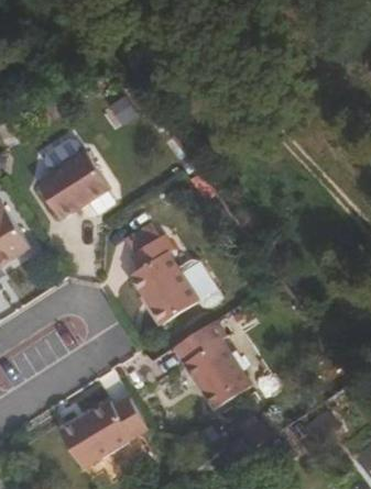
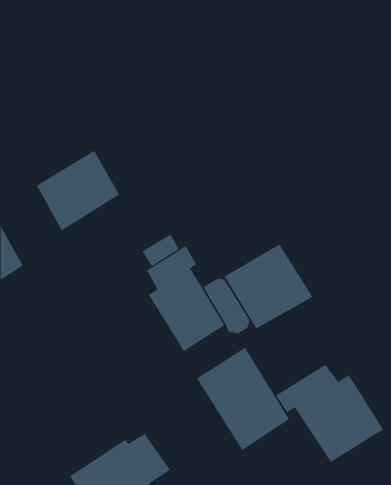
building: none -> [224,244,313,329]
building: none -> [275,364,384,463]

